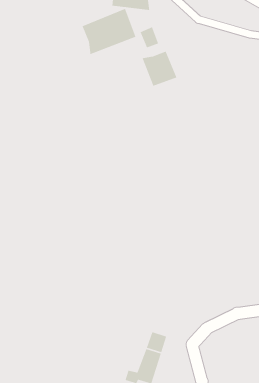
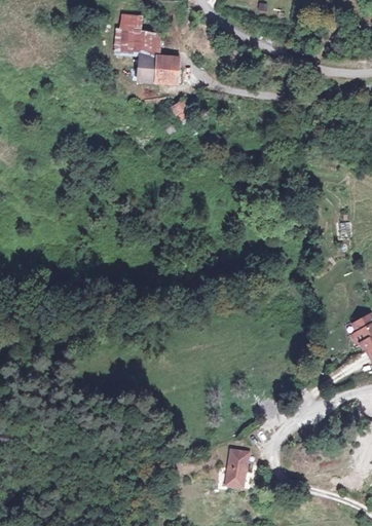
building: [82,8,136,55] -> none
building: [142,50,178,87] -> none

